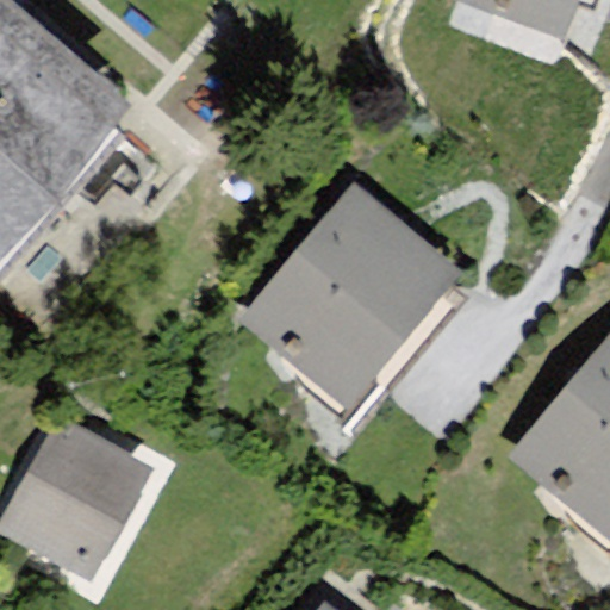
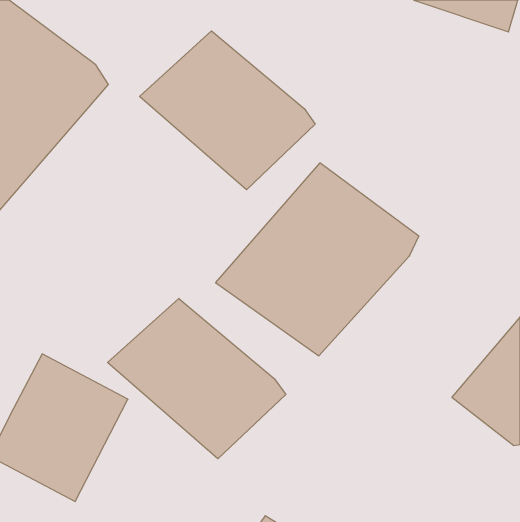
building: none -> [140,31,315,190]
building: none -> [108,298,286,459]

